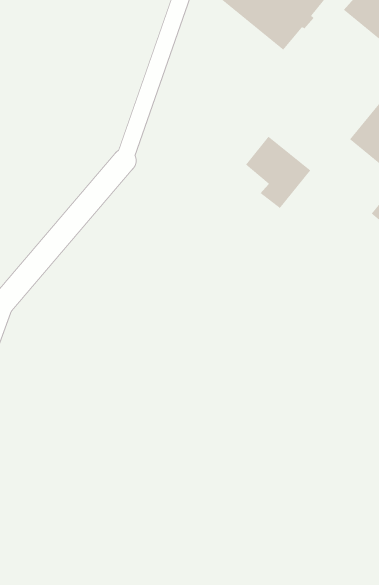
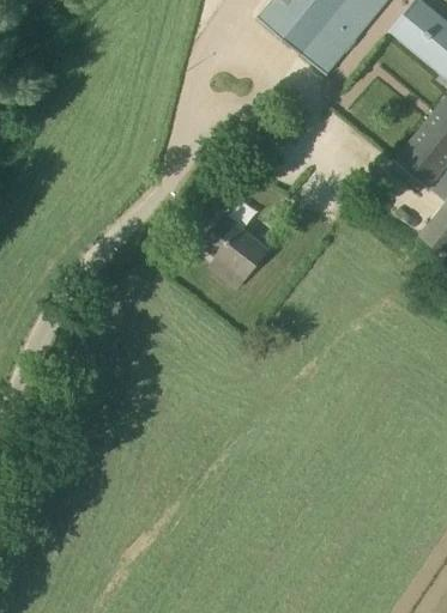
building: [245,136,311,209] -> [201,216,267,289]

